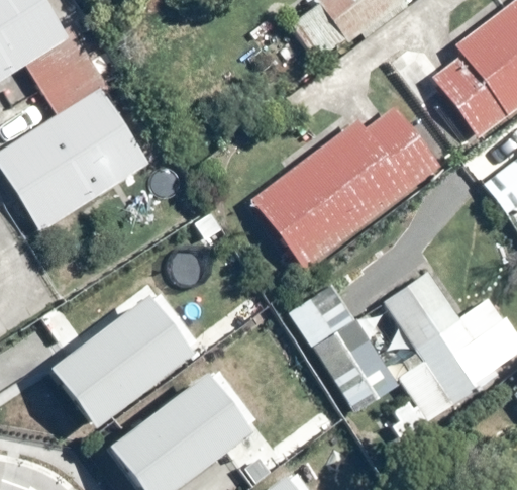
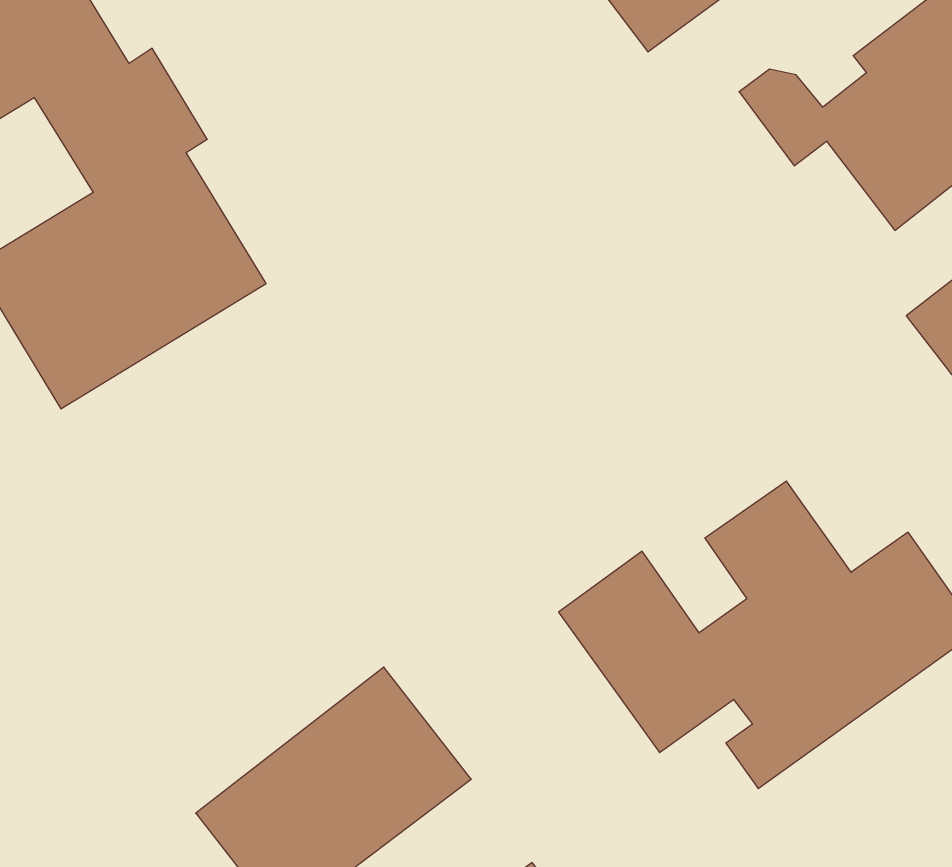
building: [256,107,441,267] -> none
building: [48,290,197,429] -> none

